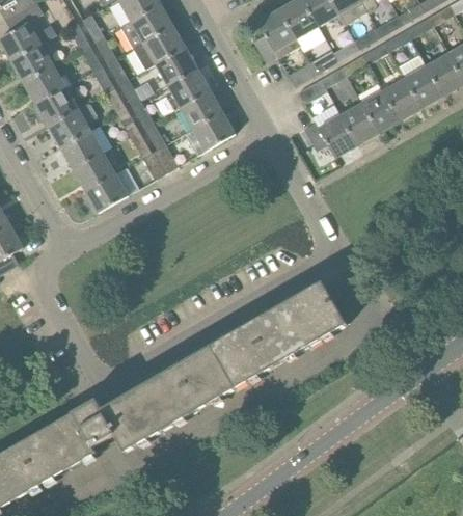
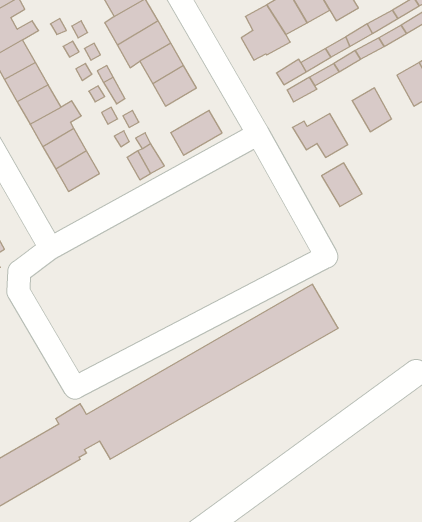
building: [382,76,420,118] -> none
building: [179,88,221,128] -> none
building: [338,101,378,143] -> [322,163,362,207]
building: [84,171,127,211] -> none

